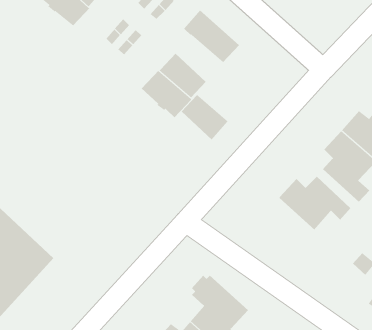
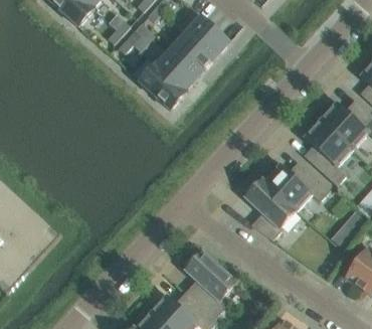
building: [181,94,229,140] -> [171,34,214,76]
building: none -> [244,179,297,240]

